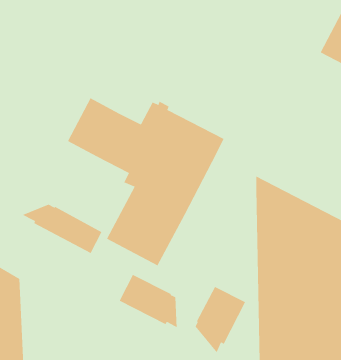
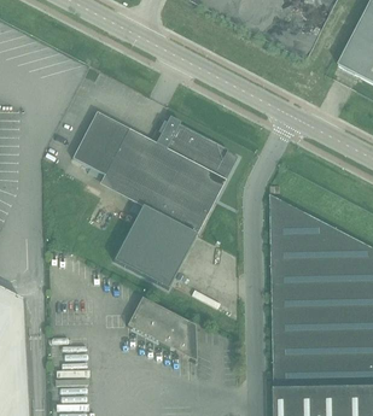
building: [22,204,102,254] -> none
building: [195,286,246,353] -> none

